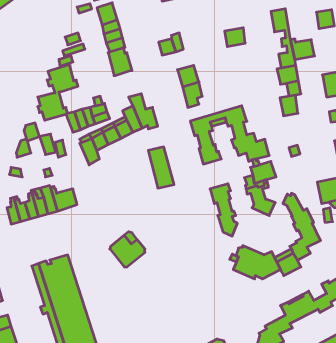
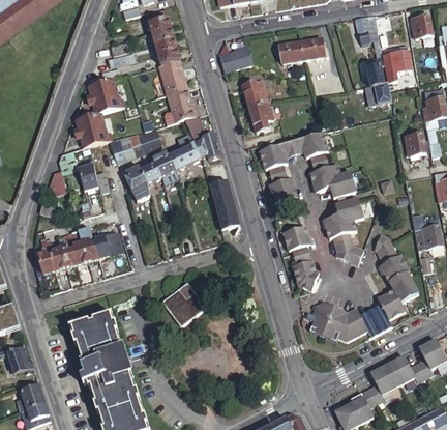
building: none -> [279,41,304,63]
building: none -> [168,89,198,122]
building: [280,95,298,116] -> [404,131,425,155]

